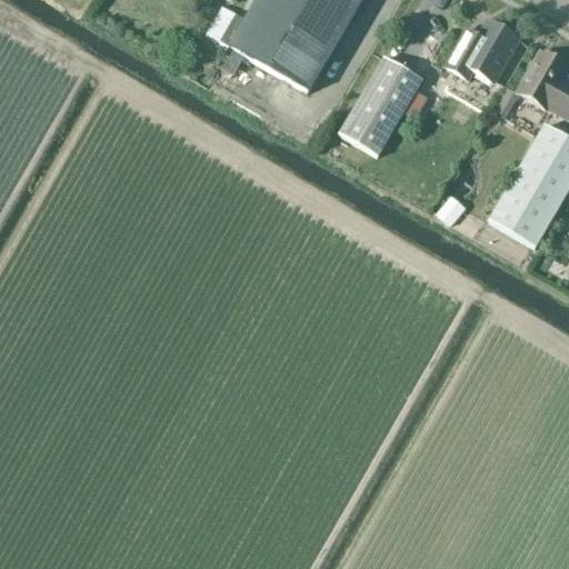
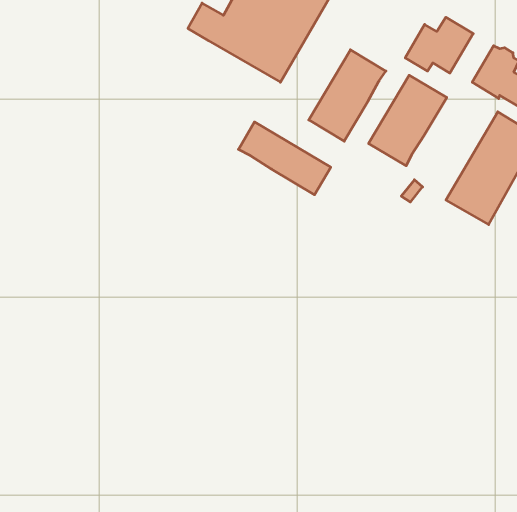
building: none -> [369,75,447,166]
building: none -> [238,122,331,195]

